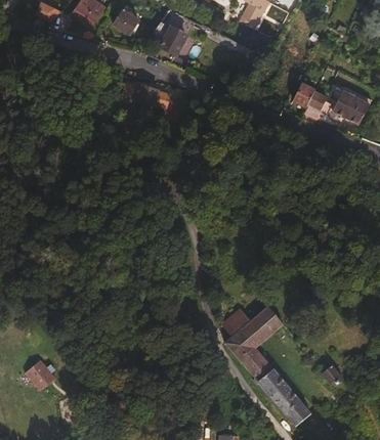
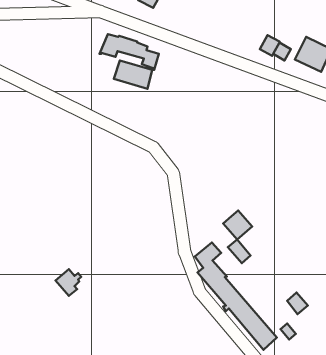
building: none -> [114,60,152,89]
building: [241,313,272,345] -> [223,210,252,240]
building: [27,359,54,388] -> [56,269,81,296]

